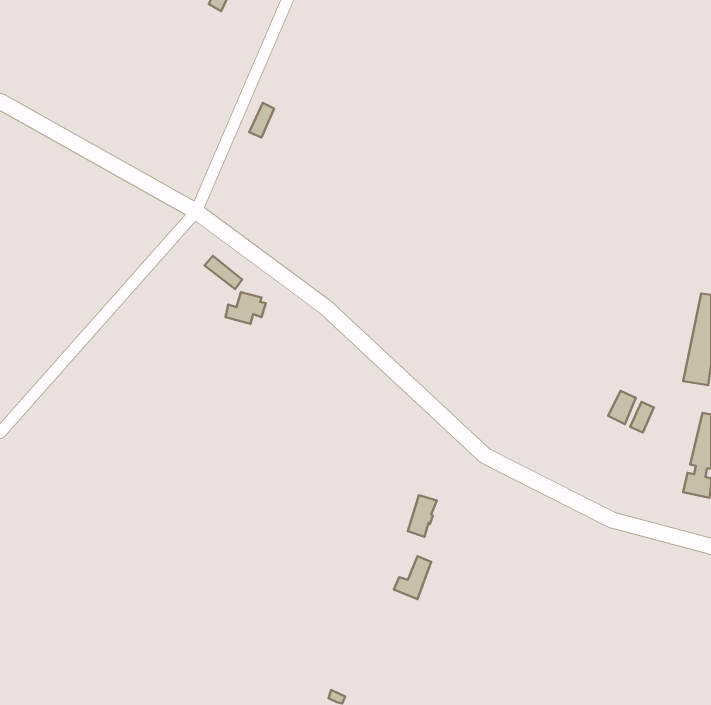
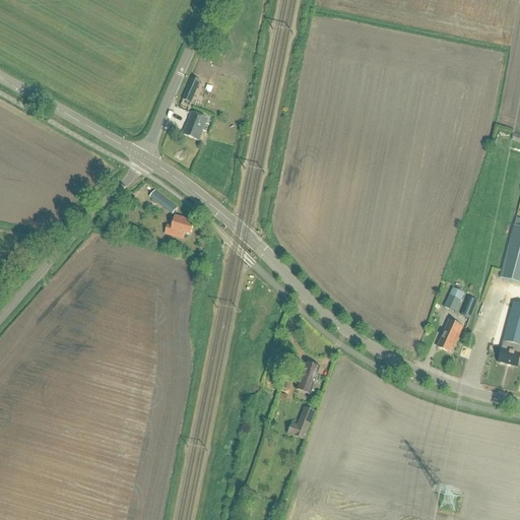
building: none -> [183,110,207,138]
building: none -> [438,318,463,349]

